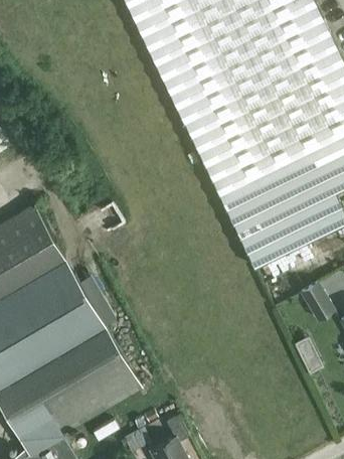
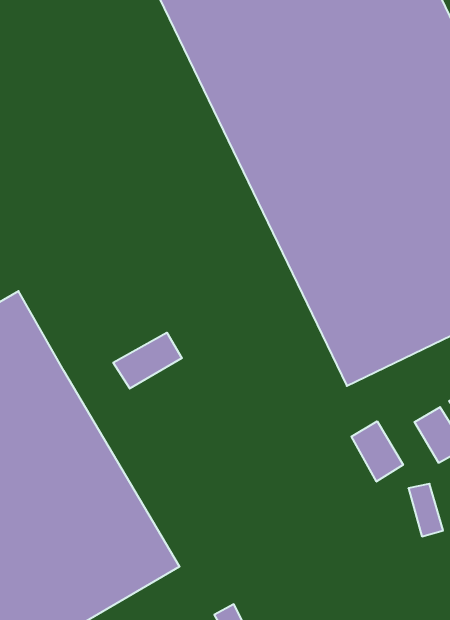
building: none -> [113,333,182,389]
building: none -> [351,421,403,482]

